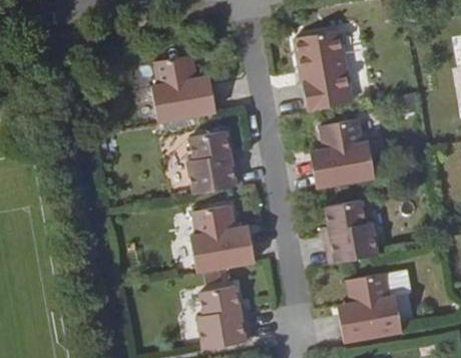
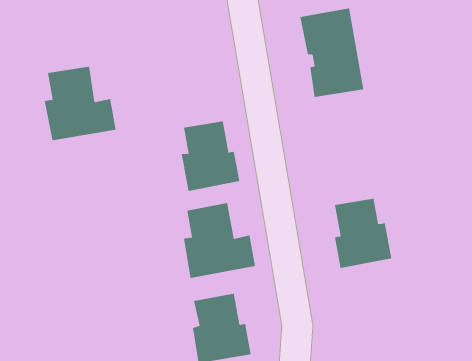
building: [150,55,215,122] -> [44,66,117,141]
building: [311,119,374,188] -> none
building: [338,273,402,342] -> none

